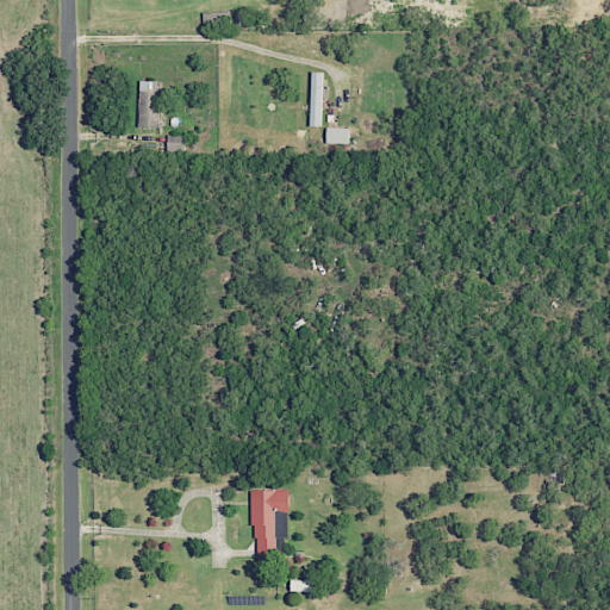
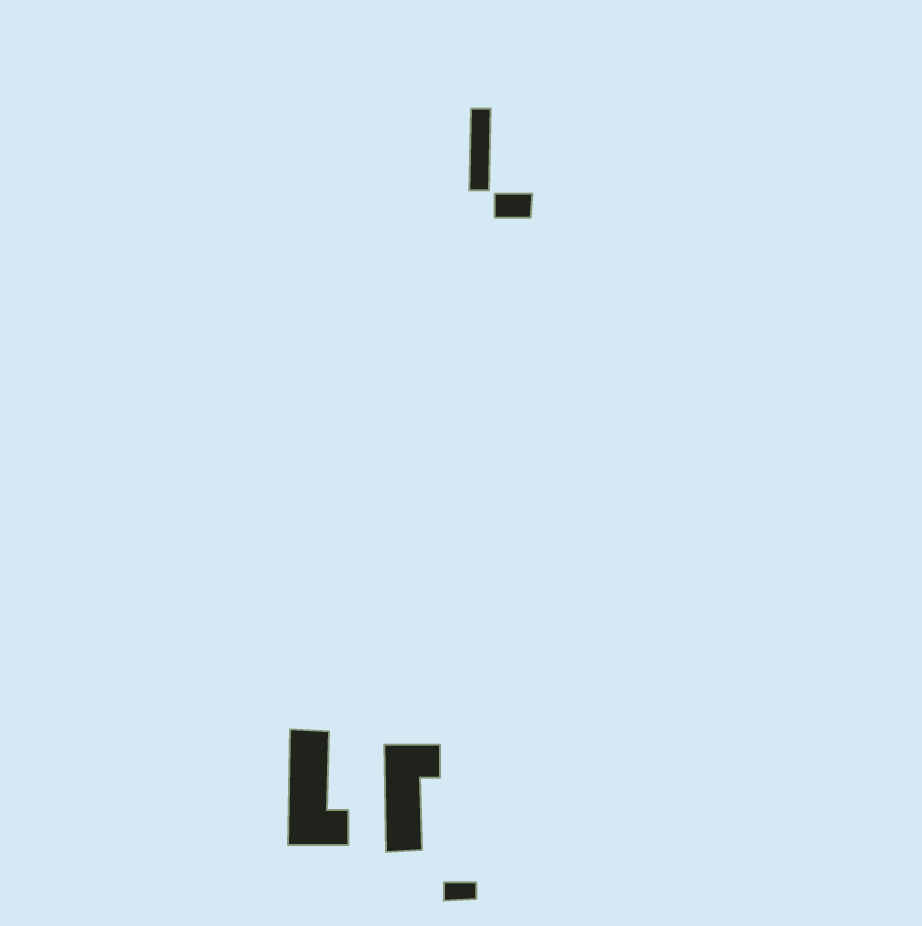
building: [139,80,162,127] -> none
building: none -> [288,729,348,845]

